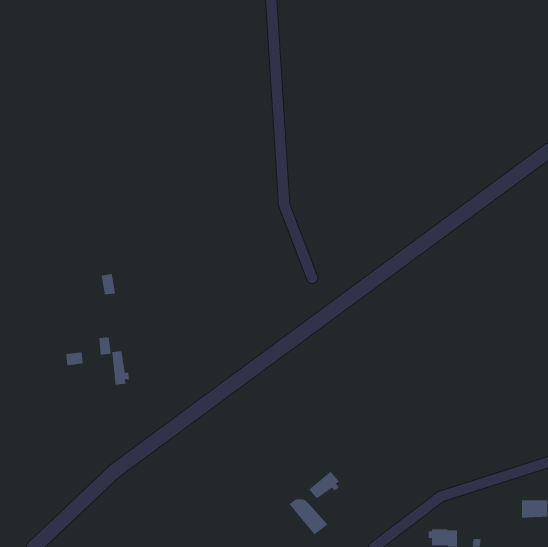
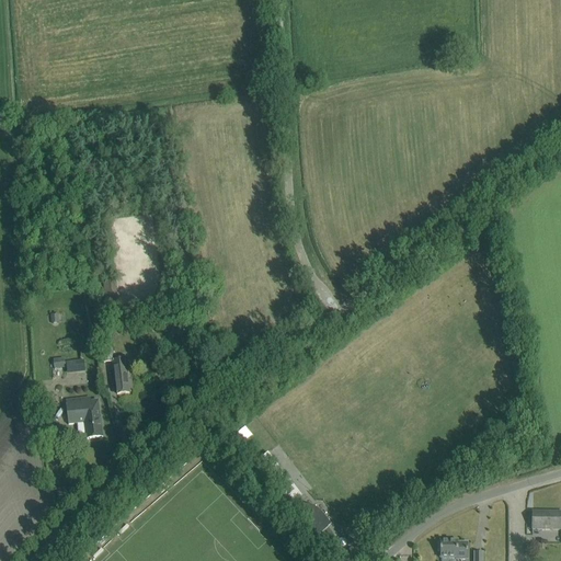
building: none -> [66,398,103,438]
building: [309,471,340,499] -> none

